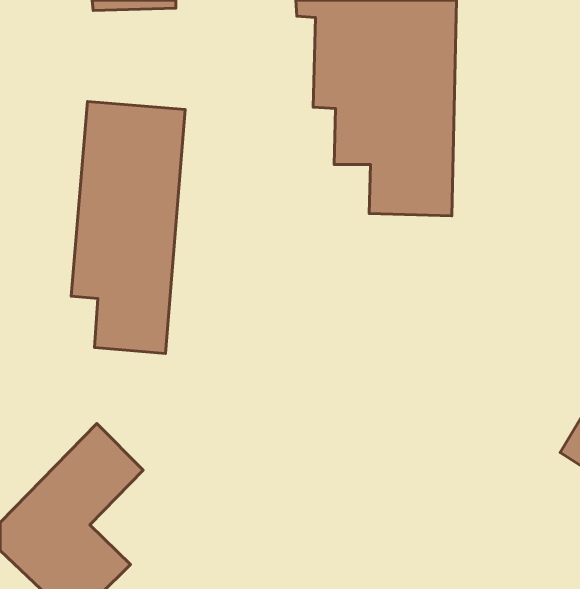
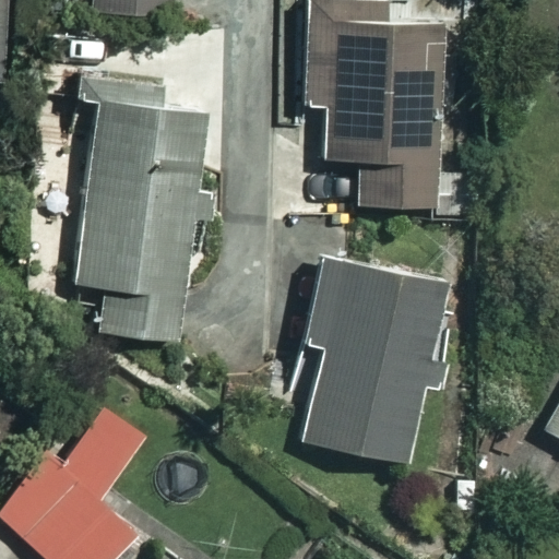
building: none -> [306,260,440,461]

